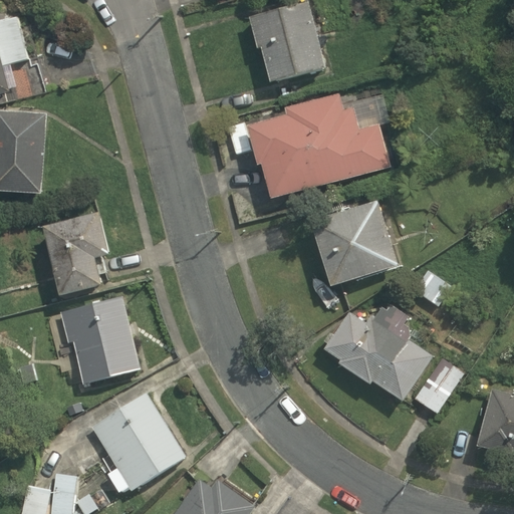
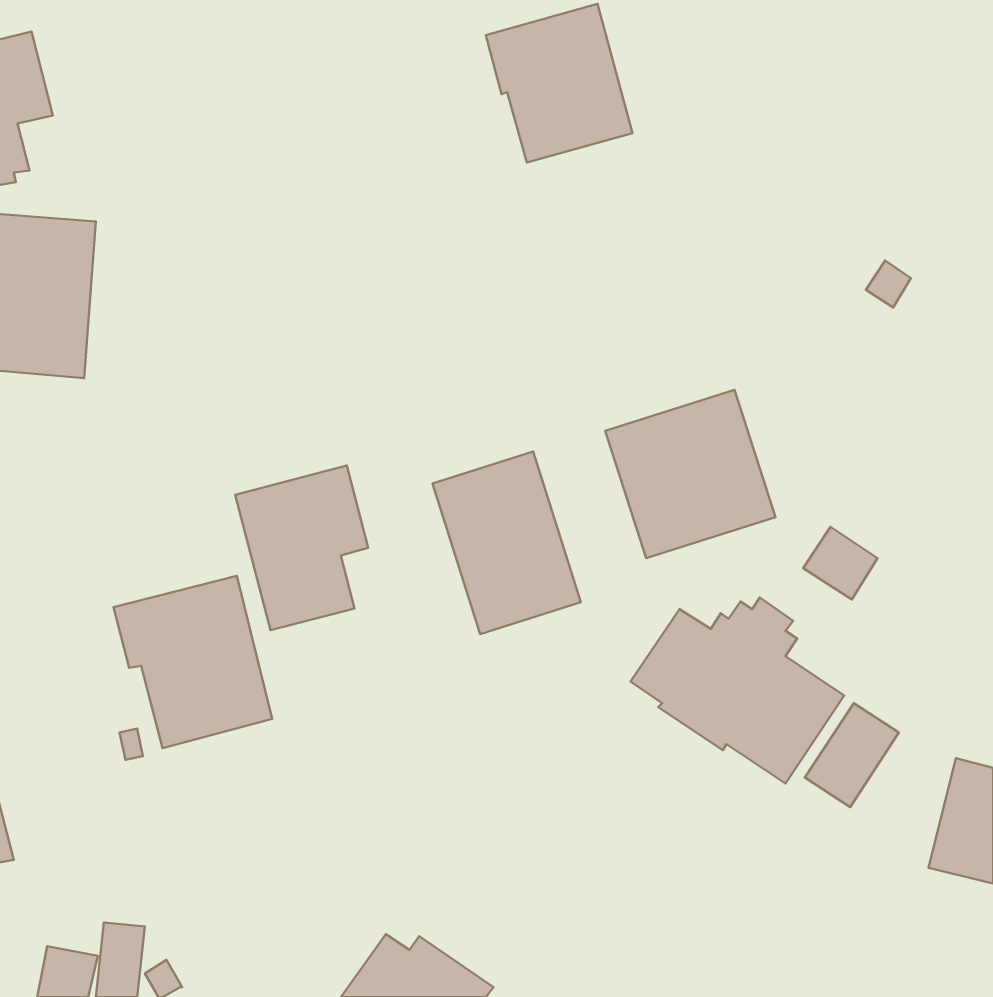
building: [247,93,390,199] -> none
building: [43,212,111,296] -> [235,466,368,630]
building: none -> [433,452,581,634]
building: [89,392,185,490] -> none

